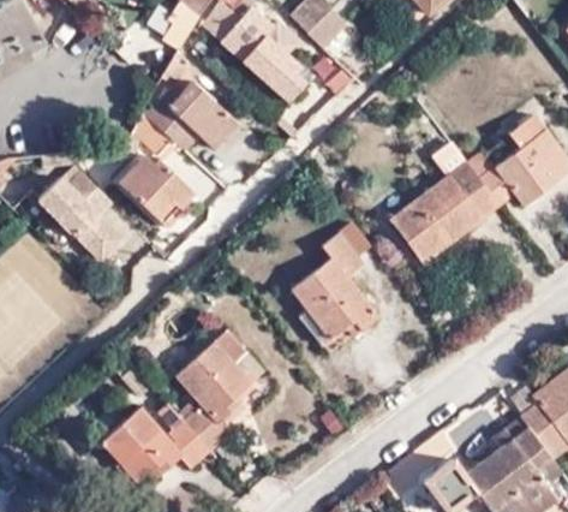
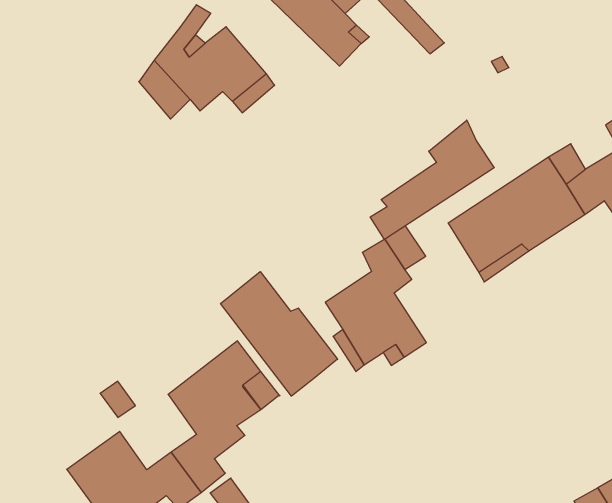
building: none -> [370,120,494,239]
building: [119,155,195,227] -> none
building: [37,171,122,261] -> none
building: none -> [221,272,338,396]

